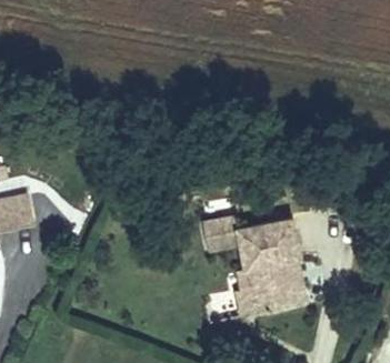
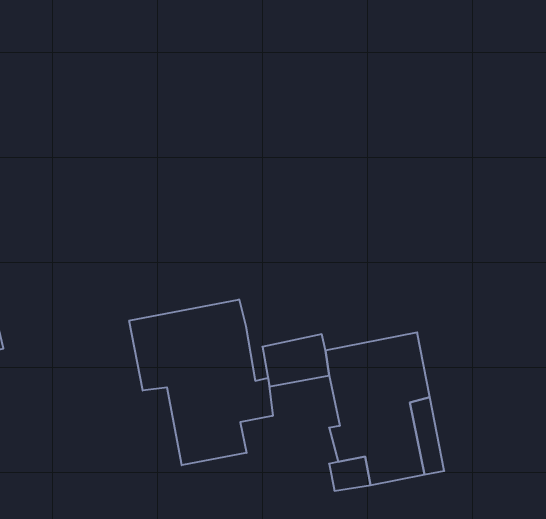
building: none -> [129,299,273,465]

